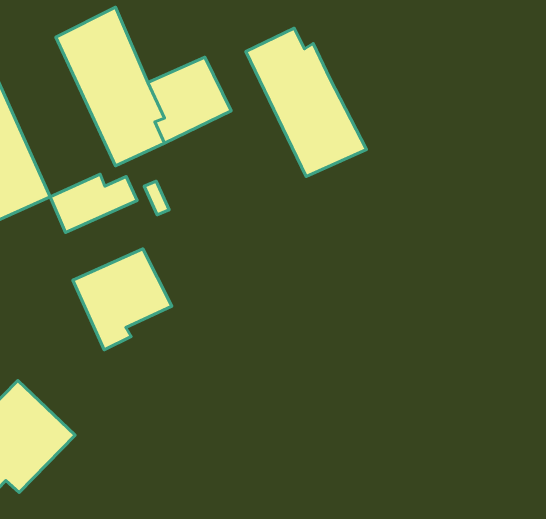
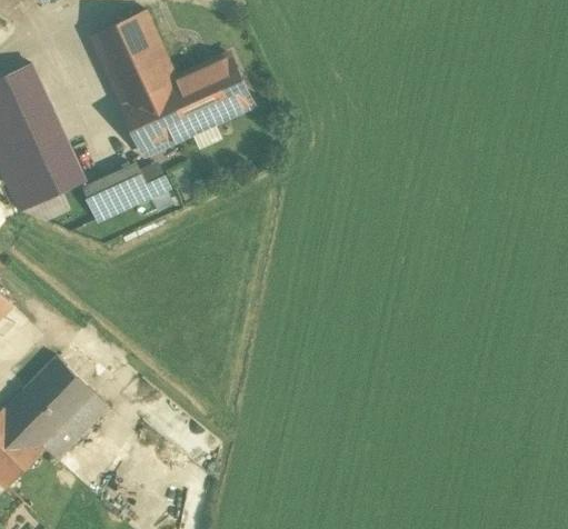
building: [246,28,367,176] -> none
building: [73,249,172,350] -> none

